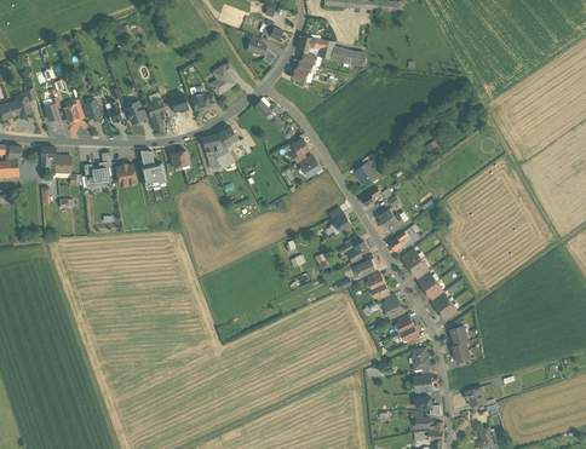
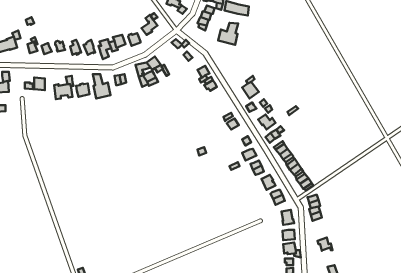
building: none -> [218,23,238,45]

